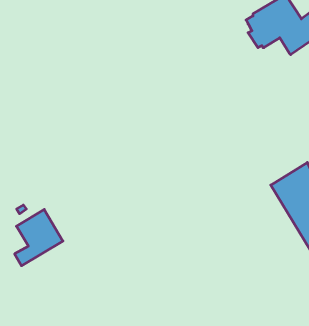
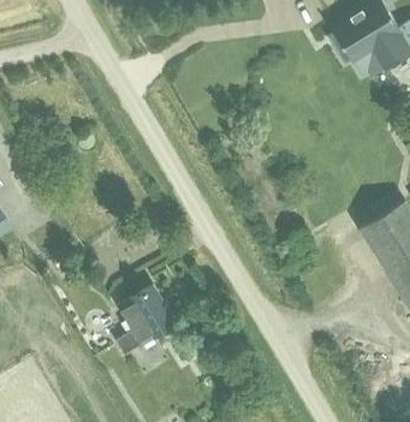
building: [15,209,63,266] -> [115,286,174,355]

